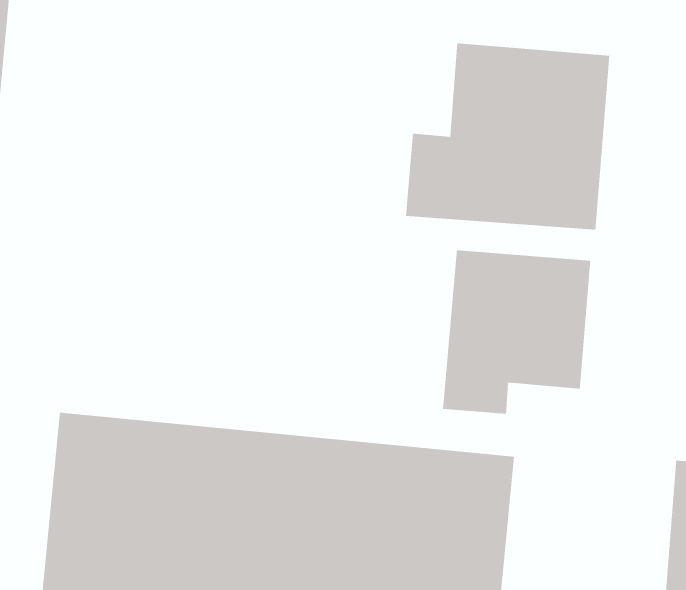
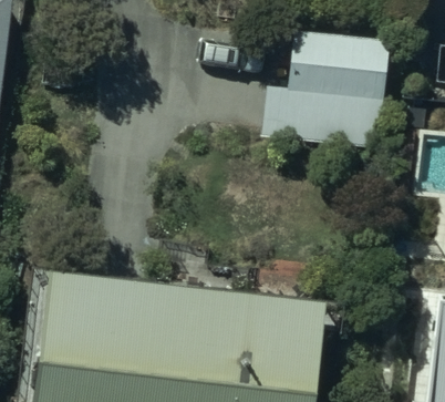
building: [443,249,591,414] -> none

